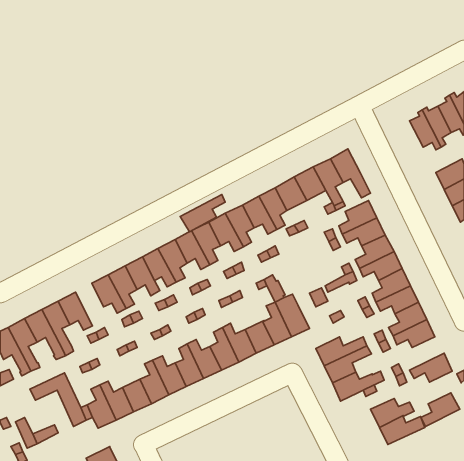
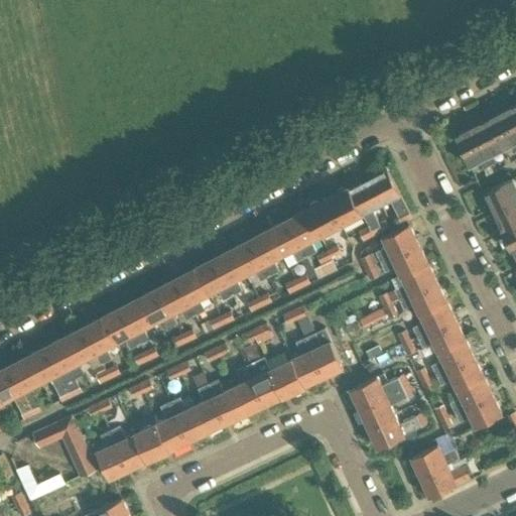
building: [180,195,225,232] -> none
building: none -> [84,317,115,365]
building: [421,393,460,427] -> [449,377,493,414]

